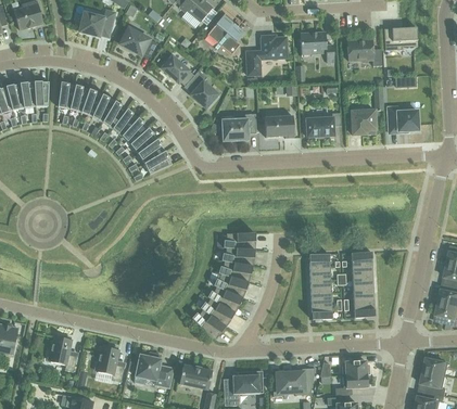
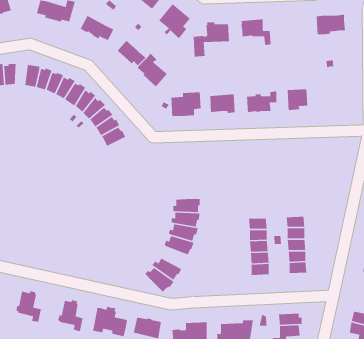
building: [347,39,382,65] -> none
building: [388,106,418,132] -> none
building: [207,286,242,310] -> none

